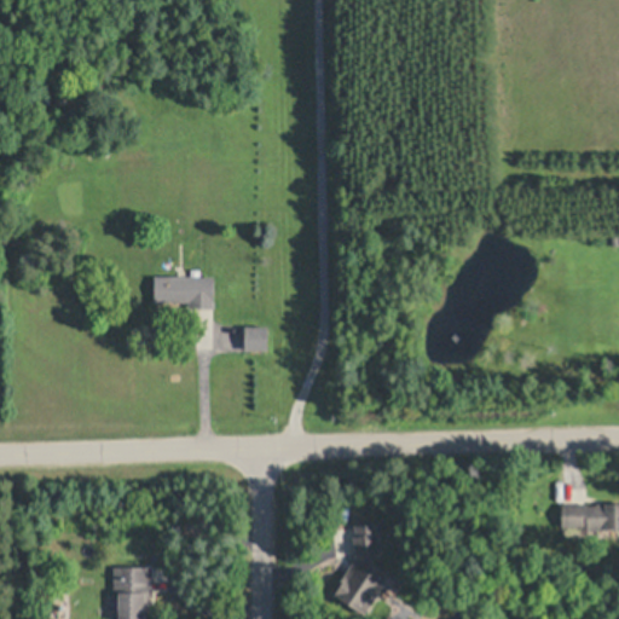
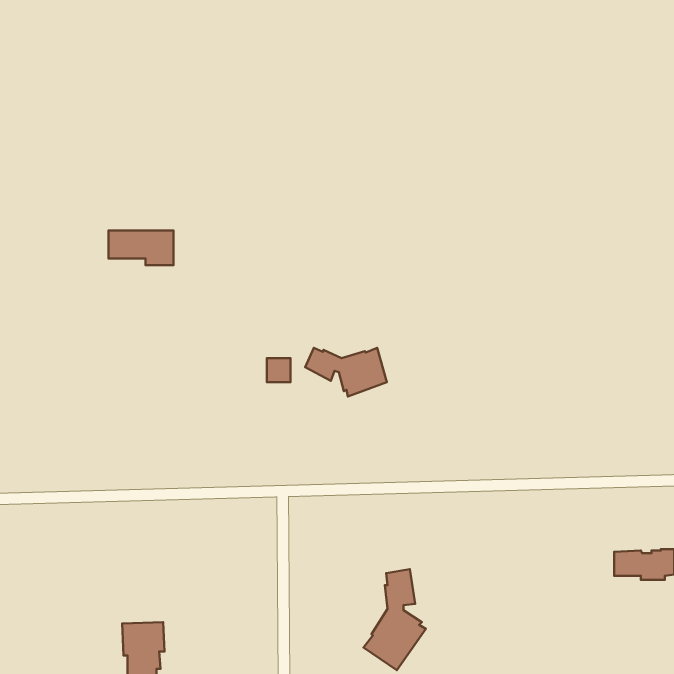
building: [154,278,213,310] -> [108,231,173,265]
building: none -> [305,348,387,396]

